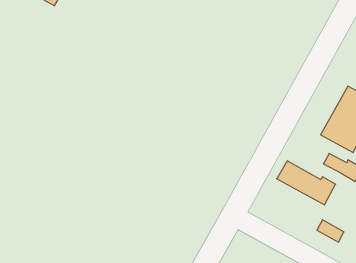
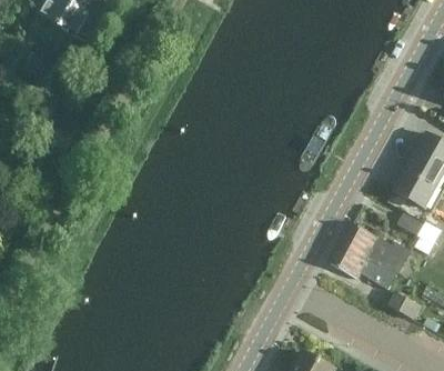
building: none -> [330,242,397,288]

